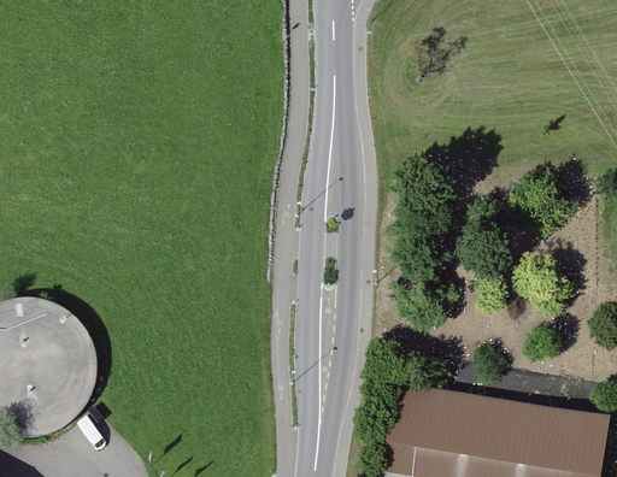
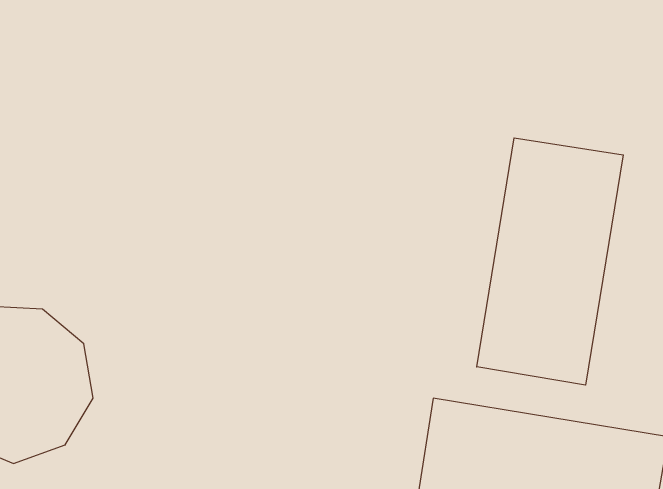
building: none -> [477,138,623,385]

